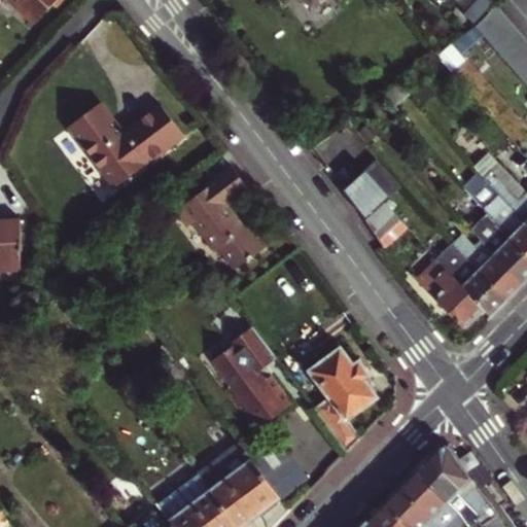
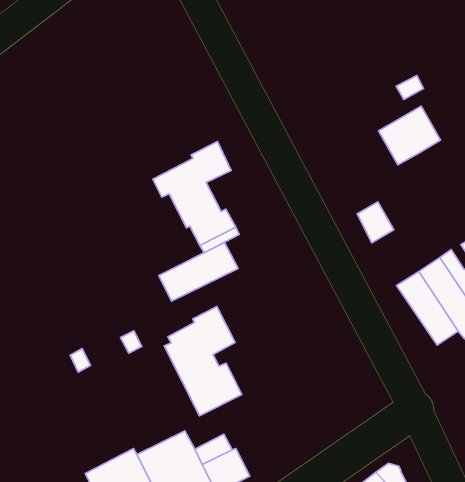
building: [69,103,184,186] -> none
building: [345,159,405,217] -> [378,106,441,165]
building: none -> [159,242,238,301]
building: [310,349,377,453] -> none

